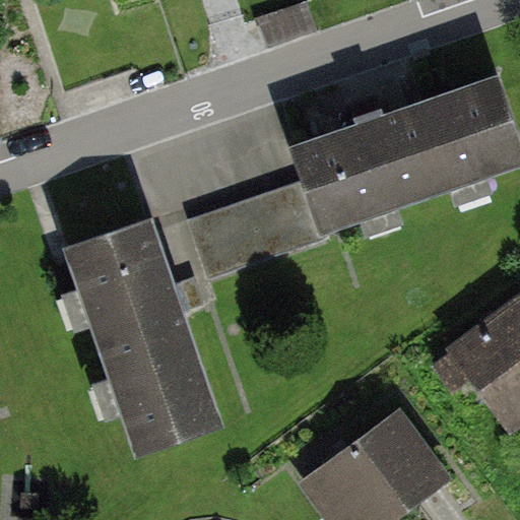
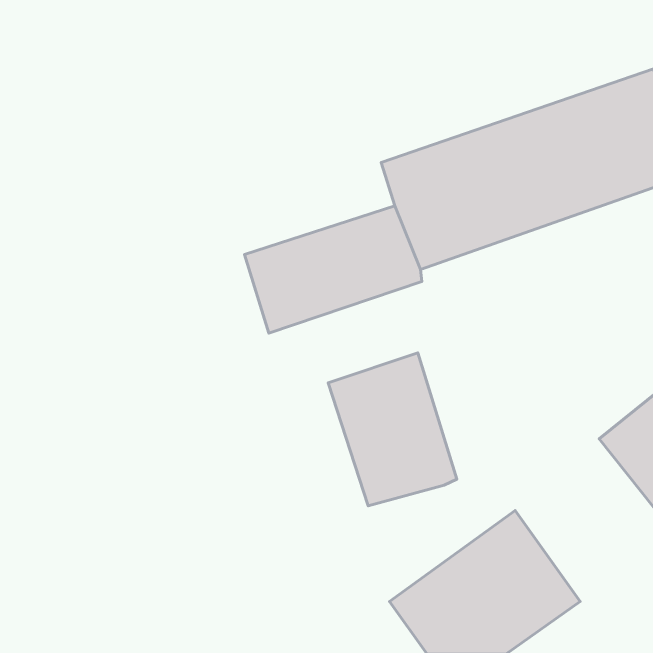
building: [67,221,217,452] -> none
building: none -> [328,353,457,506]

